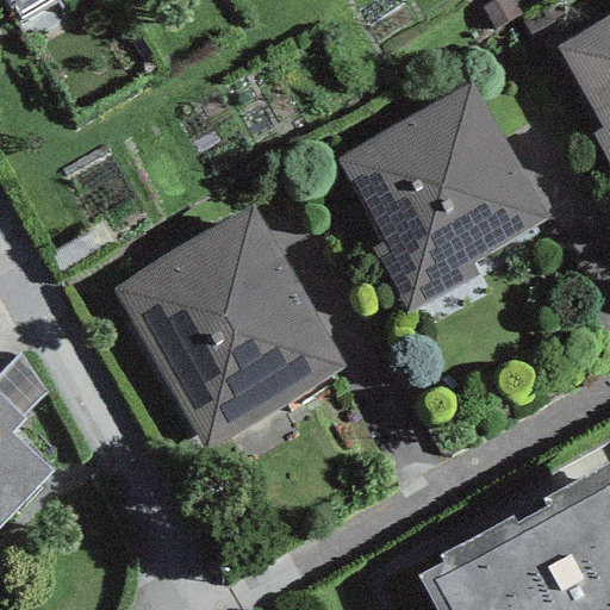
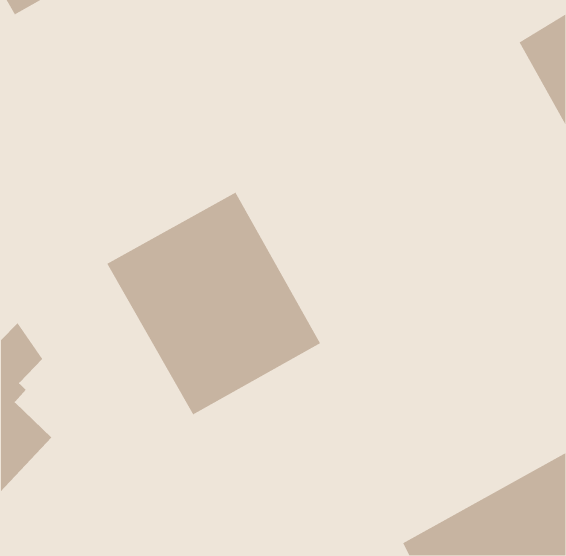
building: [336,82,548,294] -> none

